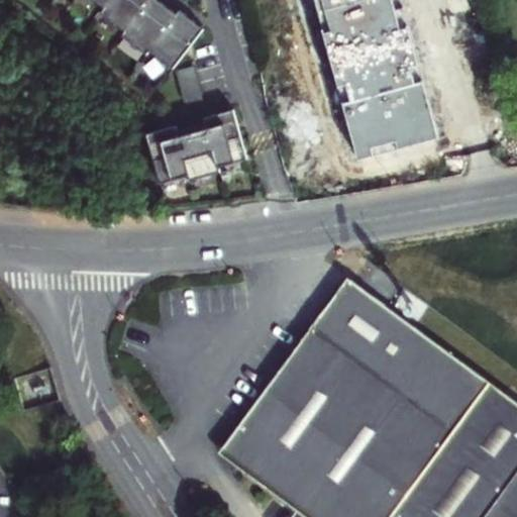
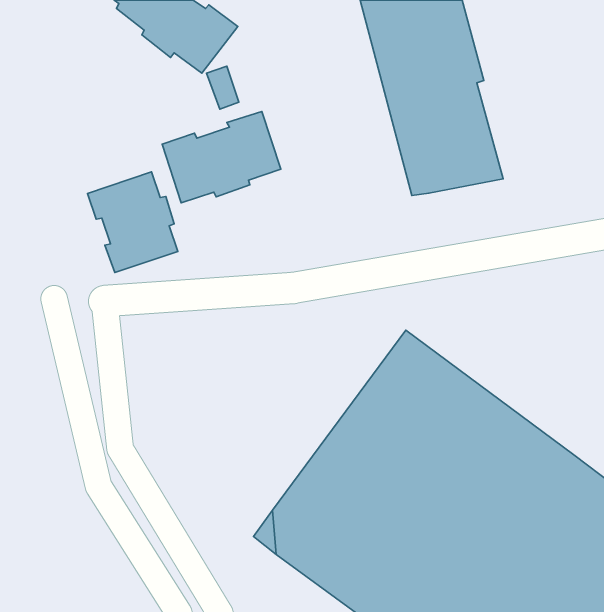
building: none -> [87,172,178,273]

